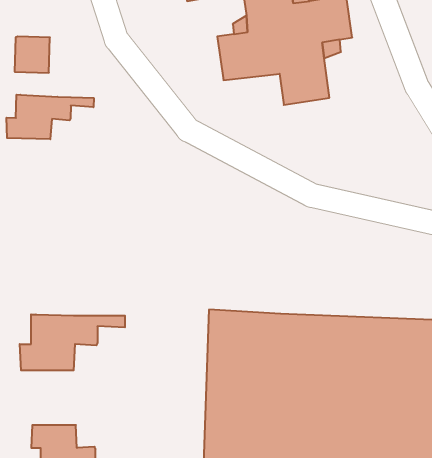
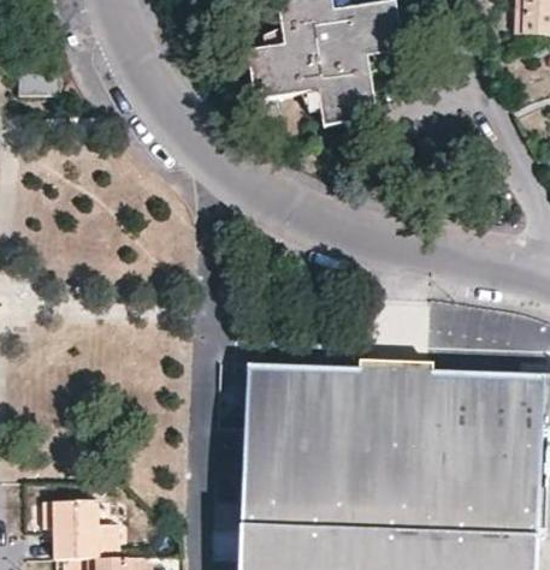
building: [7,95,94,139] -> none
building: [20,314,125,370] -> none

